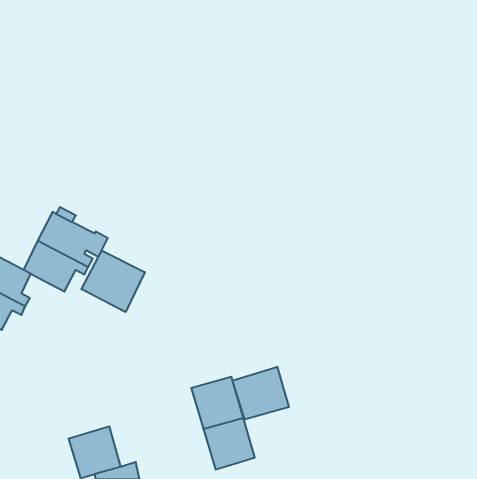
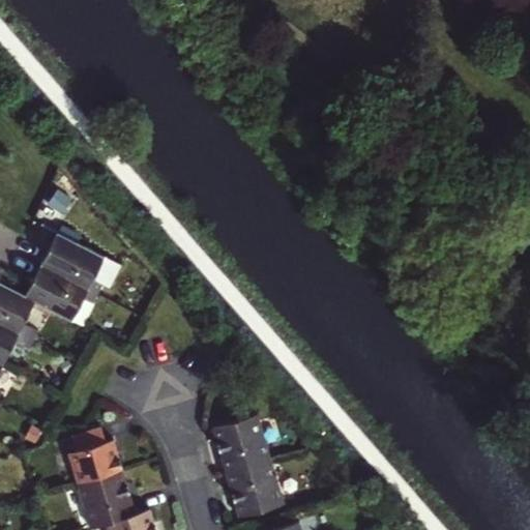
building: [81,250,145,312] -> none
building: [233,367,289,420] -> none
building: none -> [66,428,121,484]

